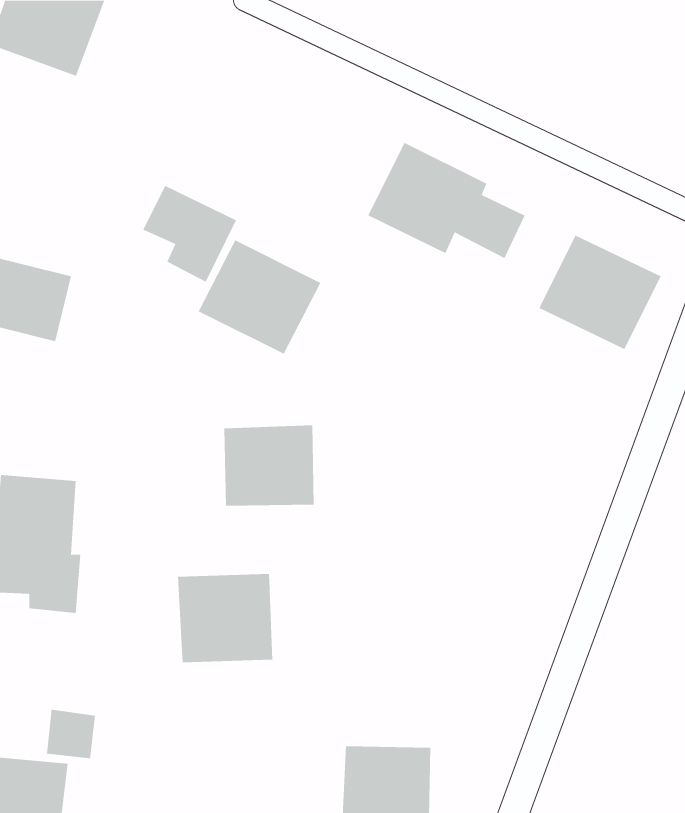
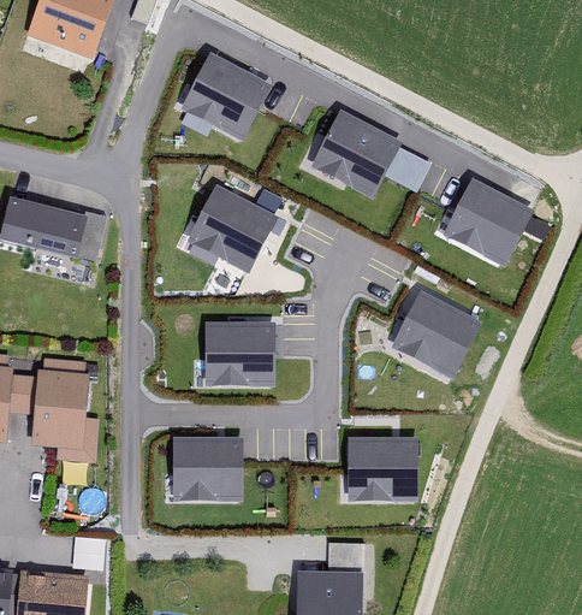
building: [142,185,237,283] -> [195,67,266,141]
building: none -> [391,289,485,378]
building: none -> [345,437,416,499]

